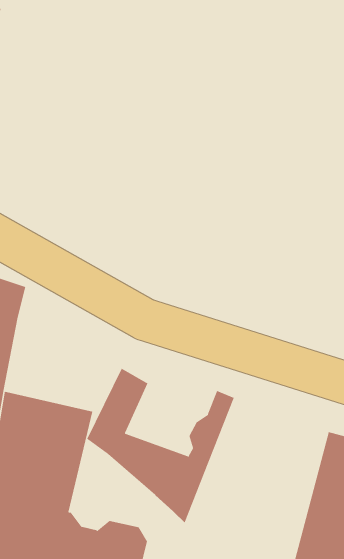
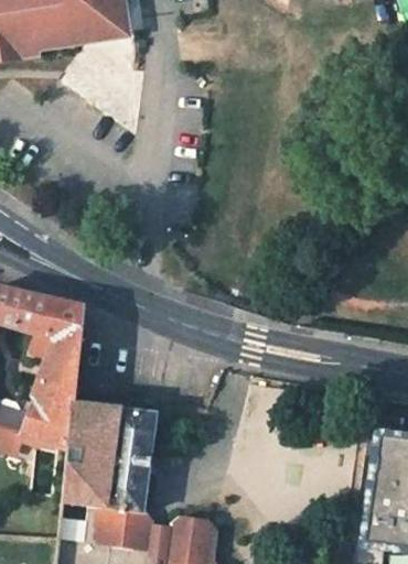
building: [87,368,235,523] -> none

